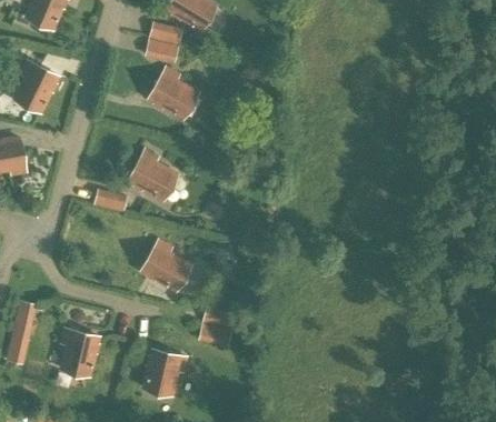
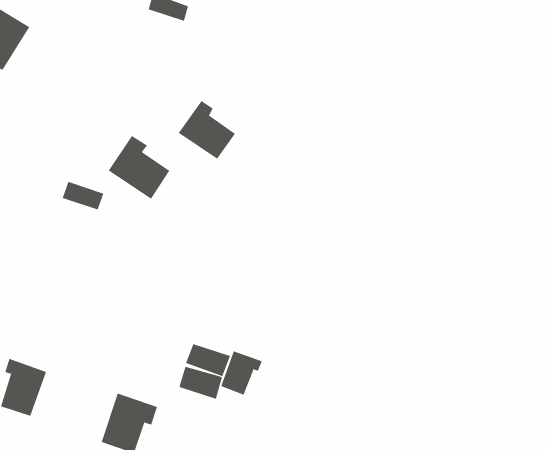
building: [151,71,196,115] -> [178,100,236,160]
building: [143,243,189,289] -> none
building: none -> [221,350,263,395]

